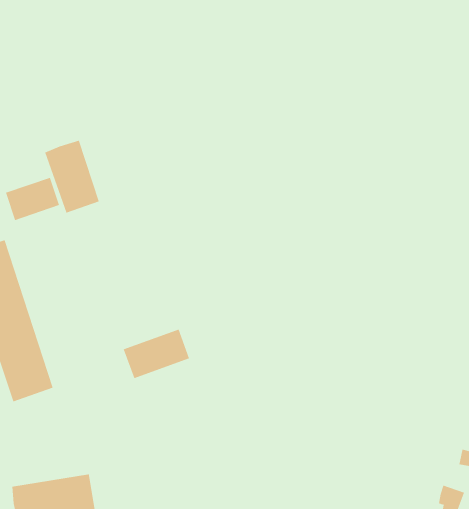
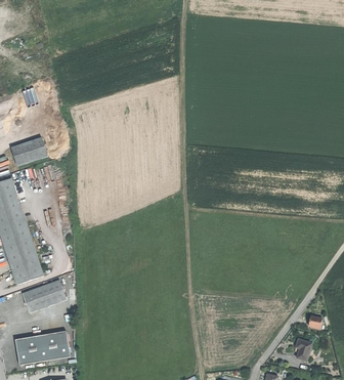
building: [45,140,100,213] -> none
building: [123,329,190,379] -> [23,280,67,312]

